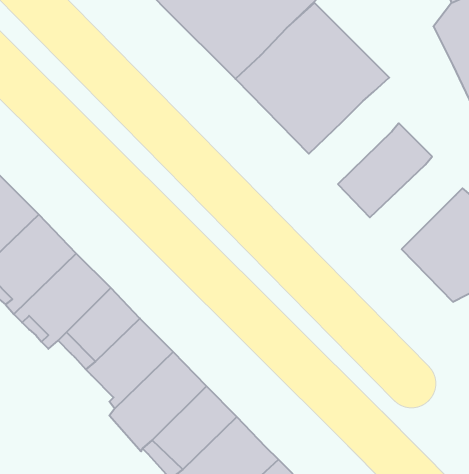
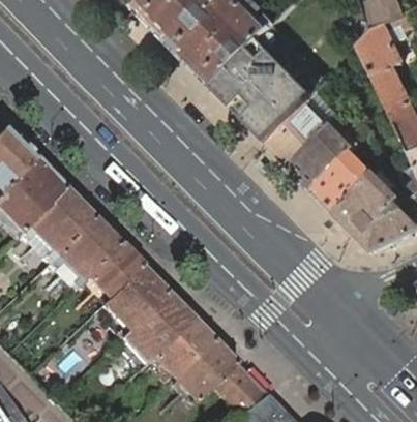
building: none -> [269,102,331,164]
building: none -> [315,150,379,213]

